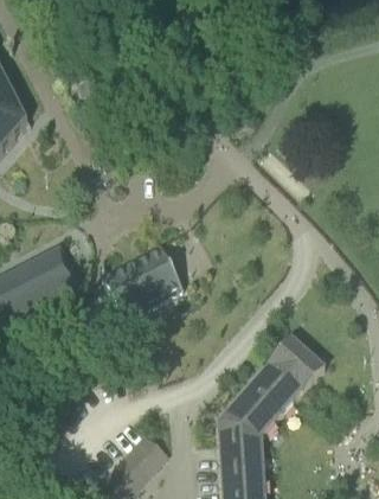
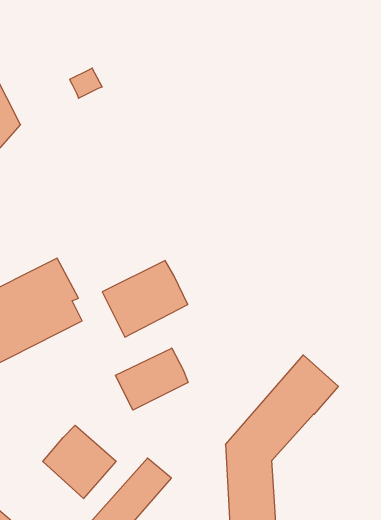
building: none -> [116,348,188,410]
building: none -> [43,425,116,499]

